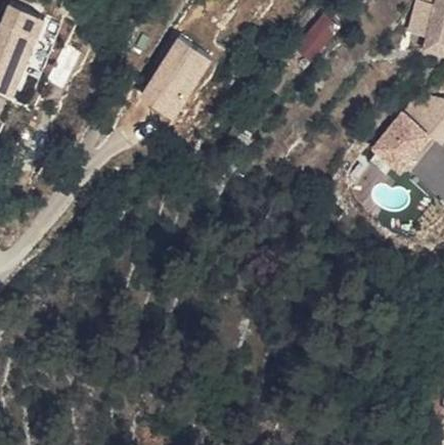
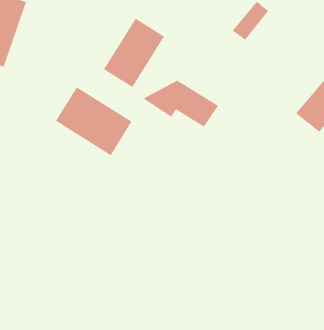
building: none -> [142,80,219,127]
building: none -> [55,86,132,156]

